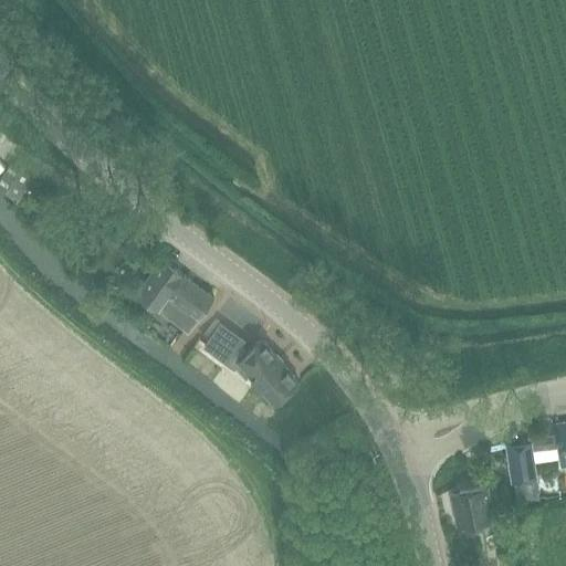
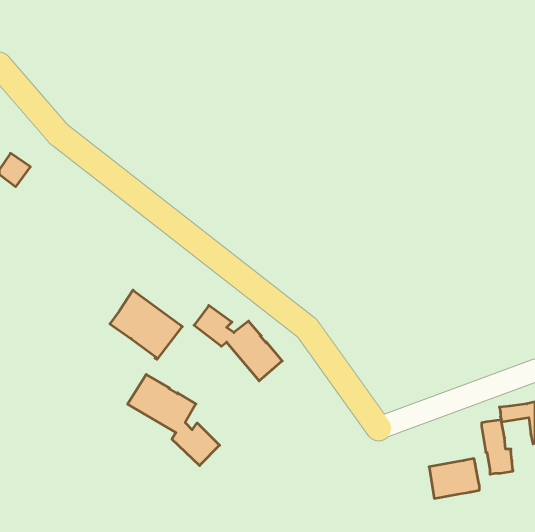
building: [137,262,213,335] -> [110,290,182,359]
building: none -> [128,374,220,466]

